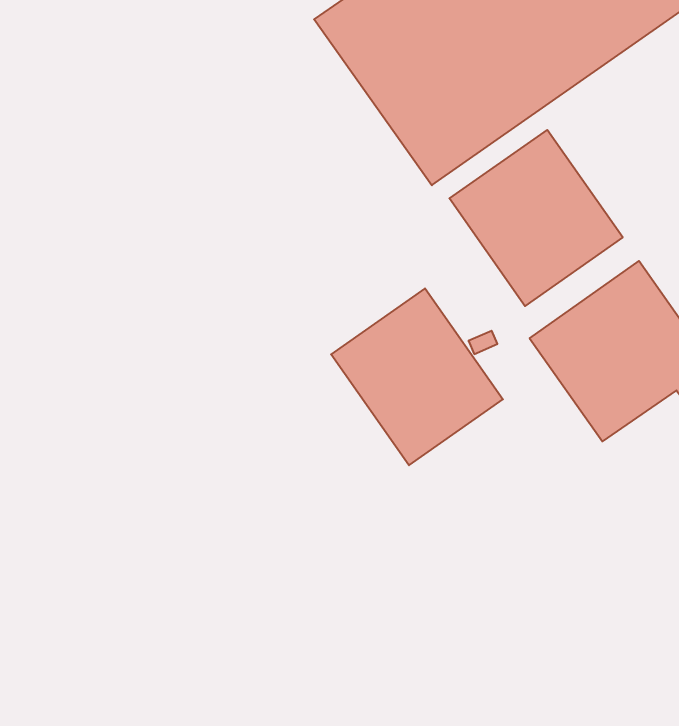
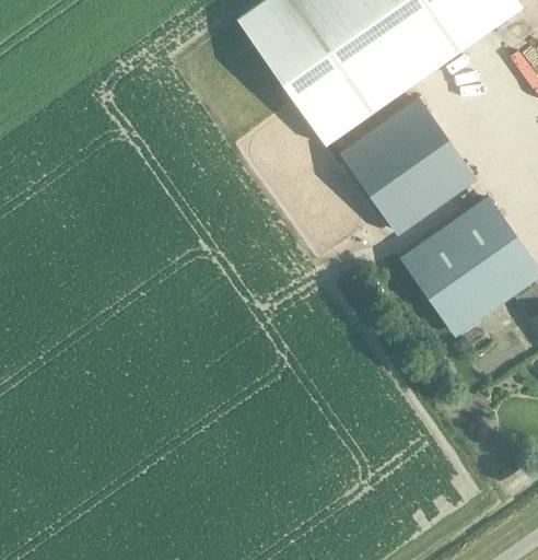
building: [331,288,503,465] -> none

